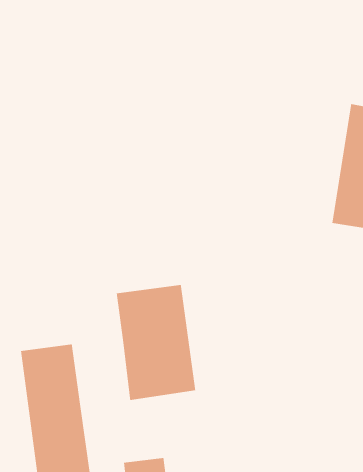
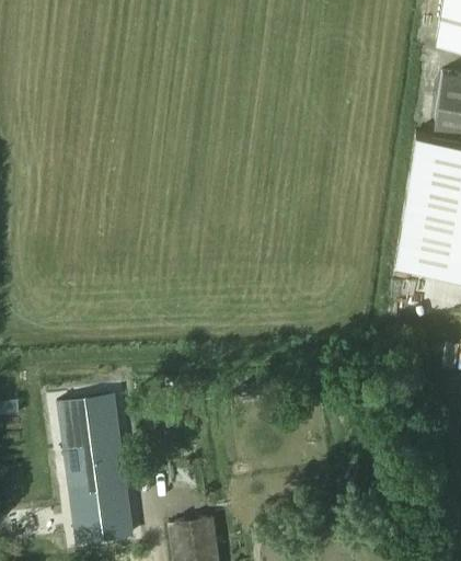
building: [116,284,196,401] -> none

